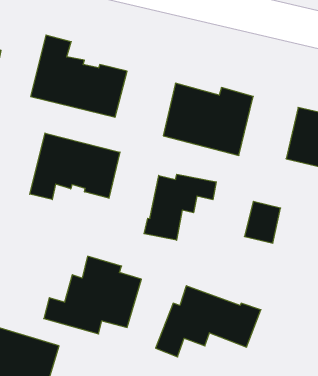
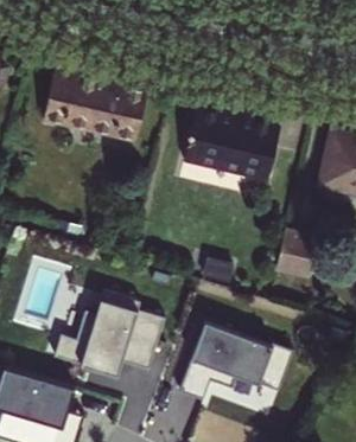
building: [30,133,120,200] -> none
building: [144,174,216,240] -> none

